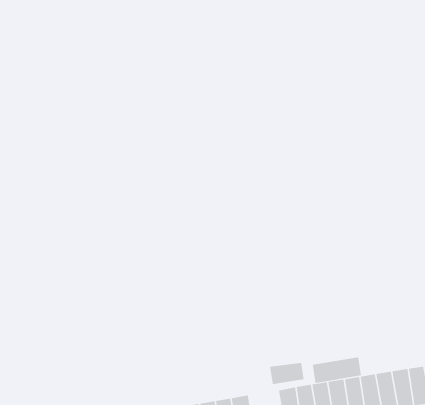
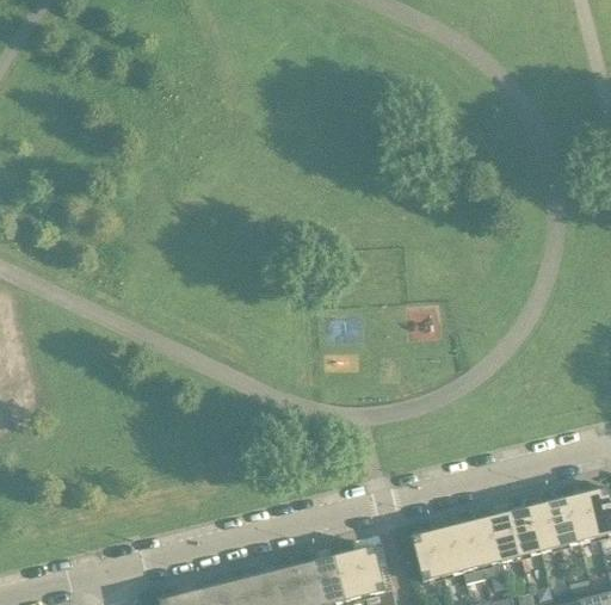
building: [312,356,361,384] -> none
building: [269,362,304,385] -> none

